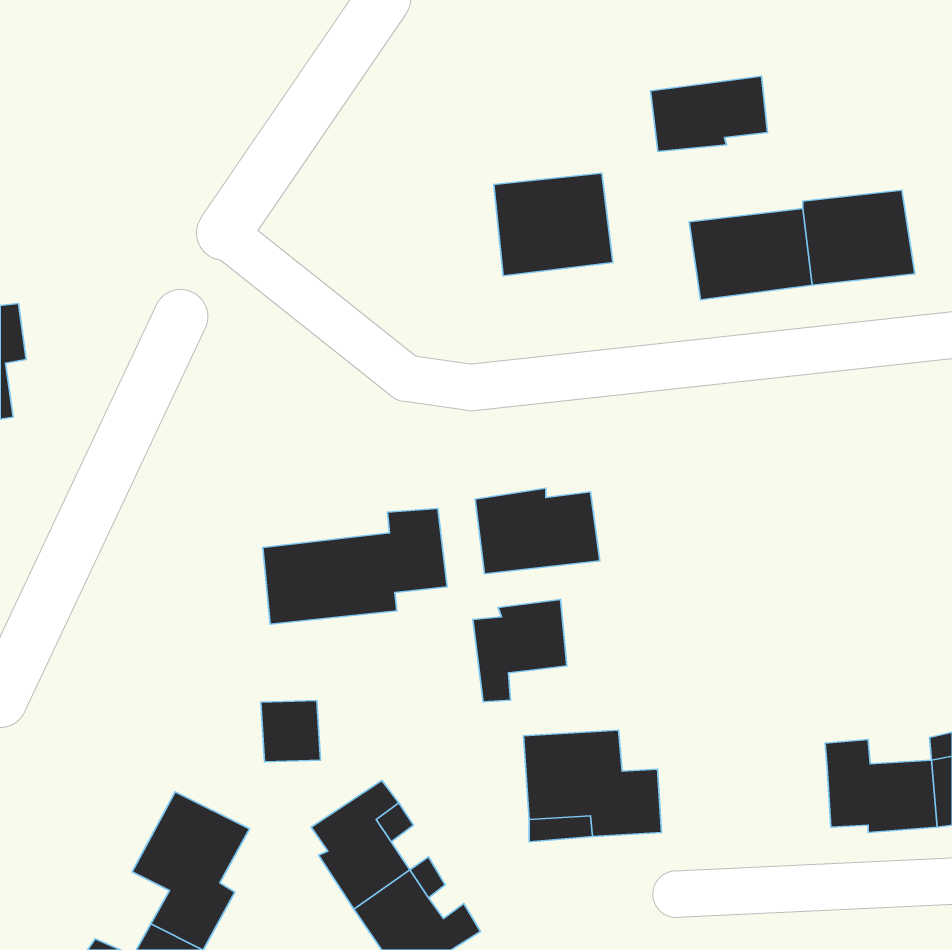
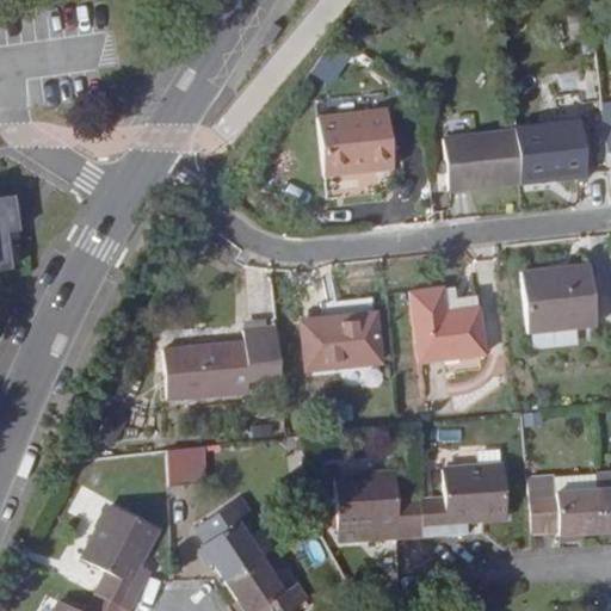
building: [650,76,768,151] -> none
building: none -> [525,264,600,333]
building: none -> [416,288,489,359]
building: [473,599,567,702] -> none
building: none -> [421,459,506,533]

